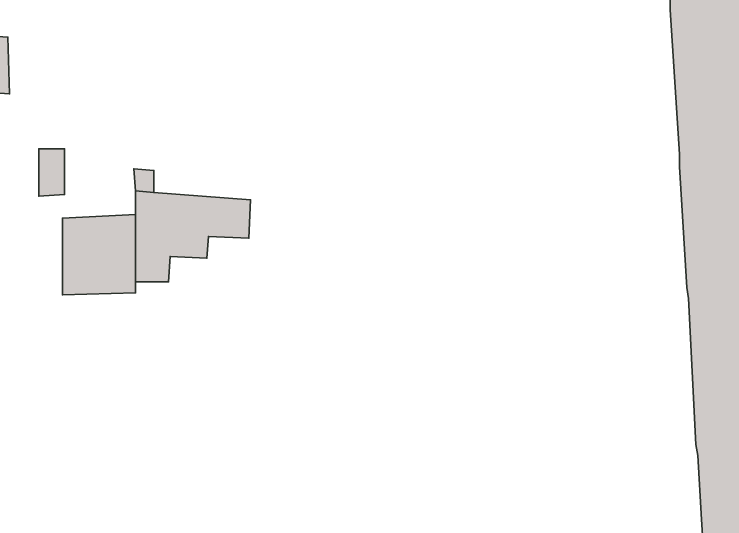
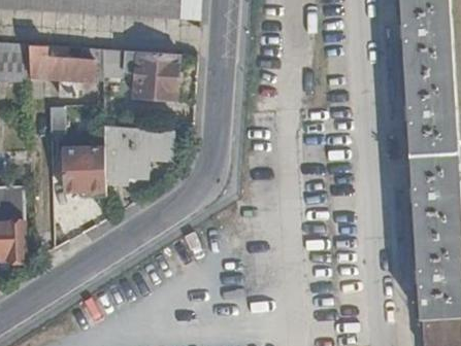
building: none -> [31,47,93,98]
building: none -> [101,51,175,102]

